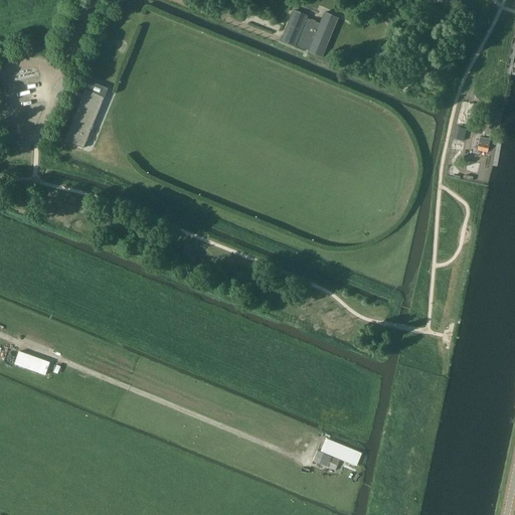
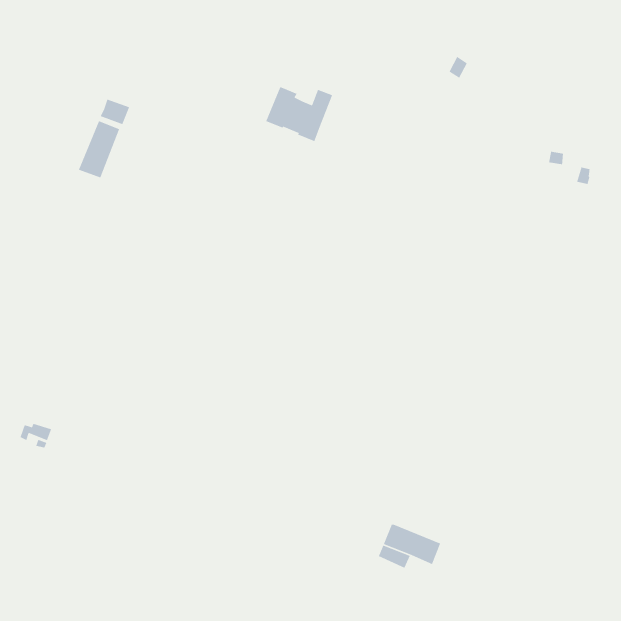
building: [281,11,337,57] -> [265,86,333,142]

